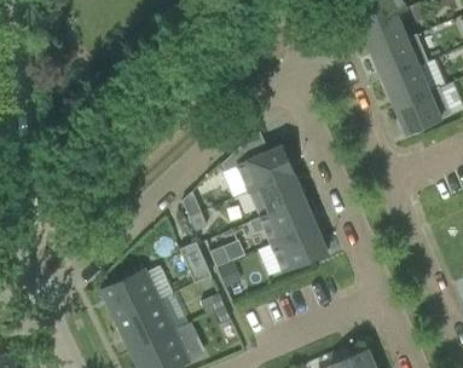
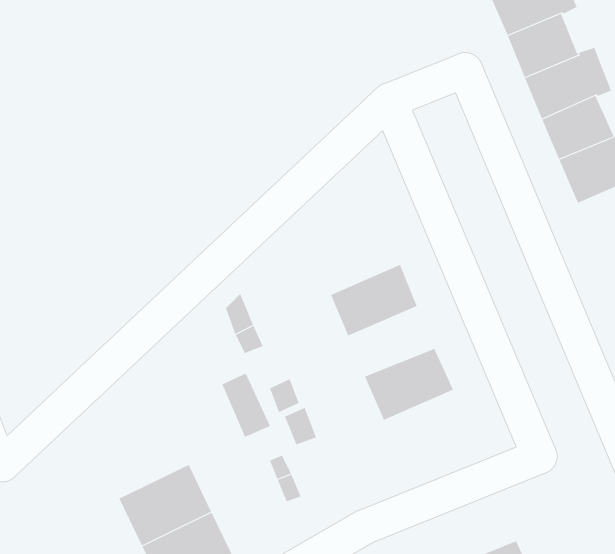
building: [221,145,294,191] -> none
building: [249,199,316,243] -> none
building: [99,268,160,321] -> none

